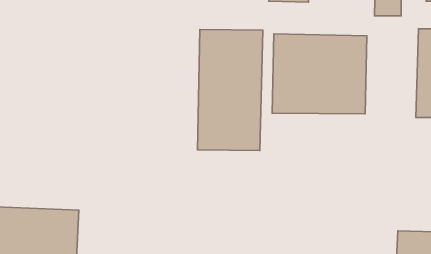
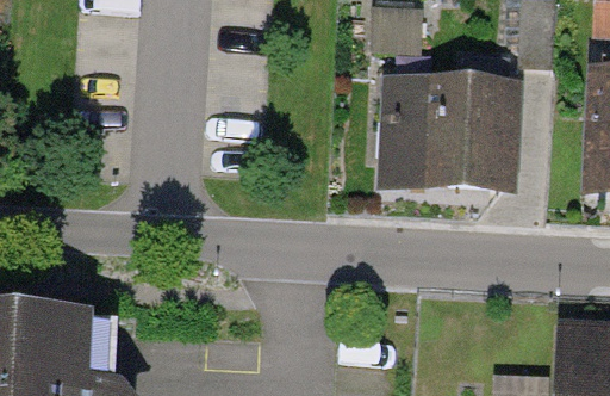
building: [197,29,263,151] -> none

